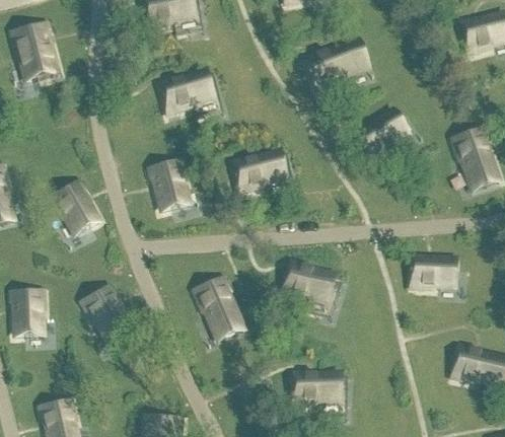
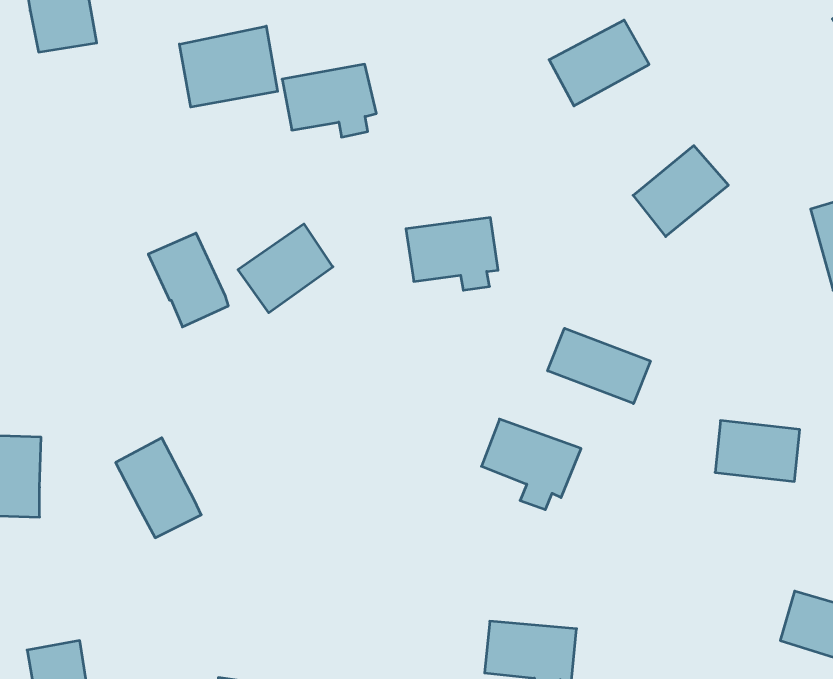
building: none -> [179,26,278,107]
building: [54,180,99,232] -> [148,233,228,327]
building: none -> [548,328,650,404]
building: [197,277,241,332] -> none

